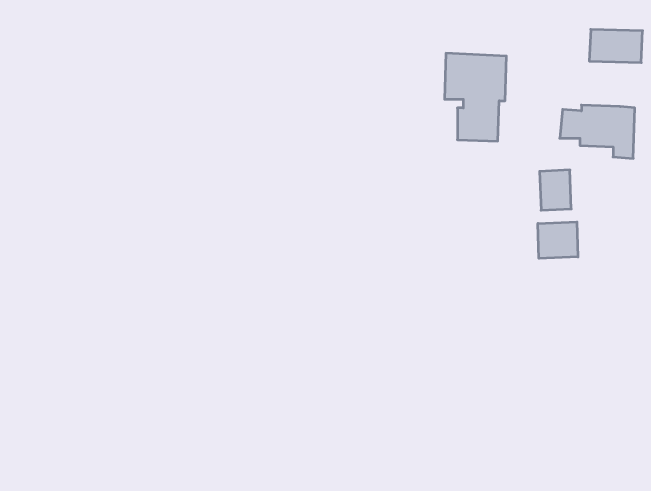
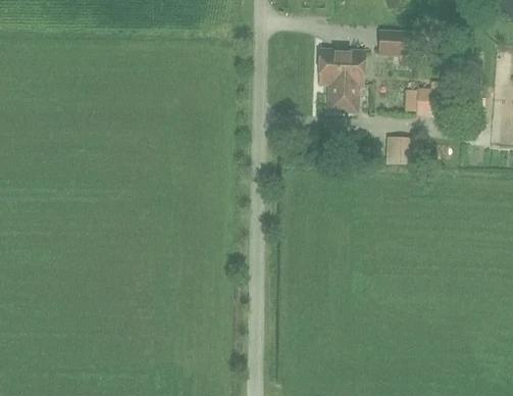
building: [589,29,643,63] -> [378,31,416,54]
building: [538,222,578,258] -> none

